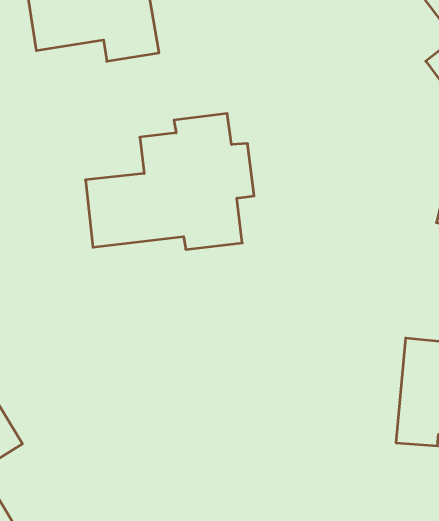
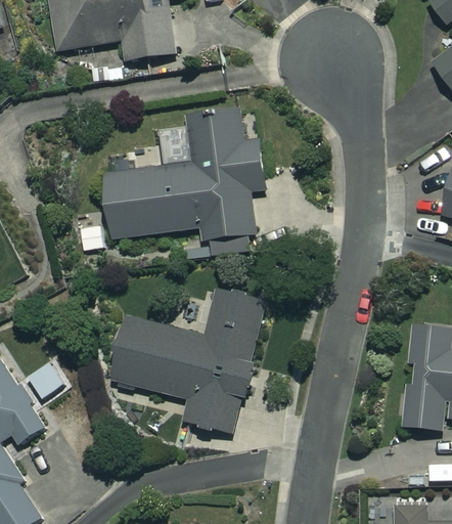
building: none -> [110,289,263,433]

